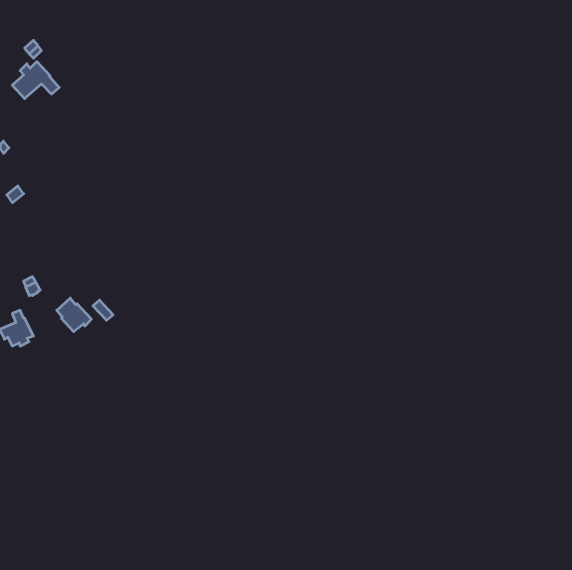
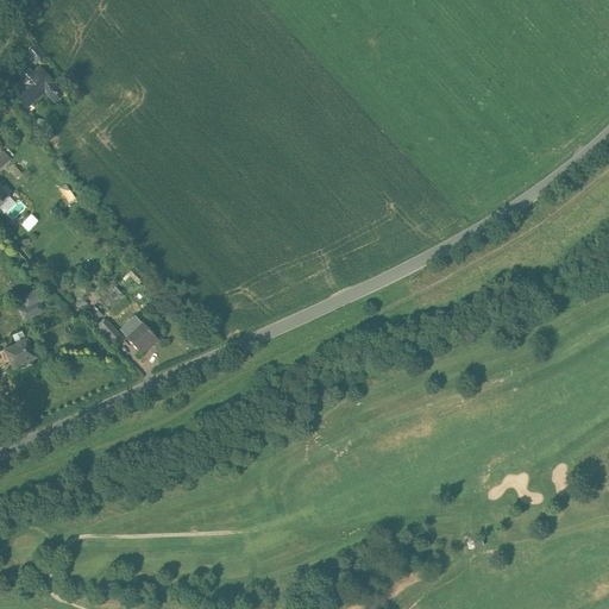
building: [57,298,91,332] -> [121,315,158,351]

